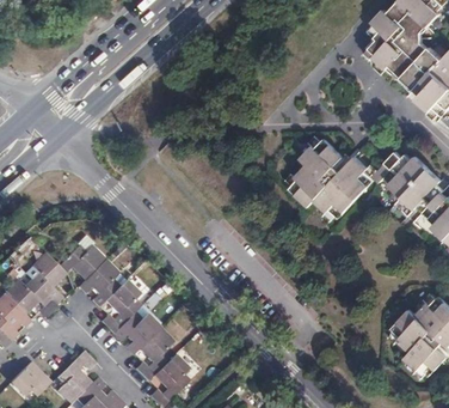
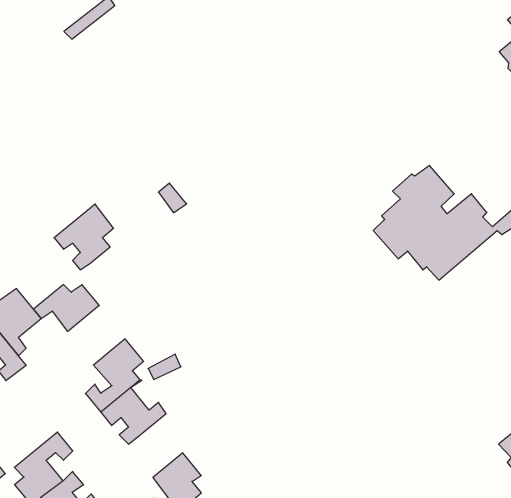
building: [78,260,118,306] -> [54,204,114,270]
building: [135,330,173,382] -> none

